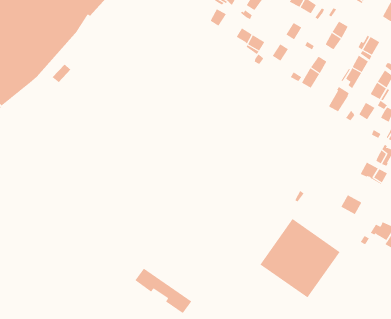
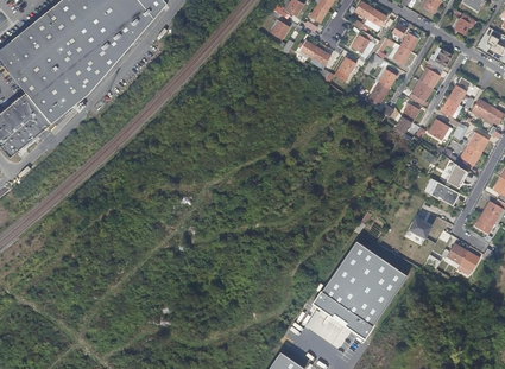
building: [135,268,192,314] -> [314,290,374,338]

